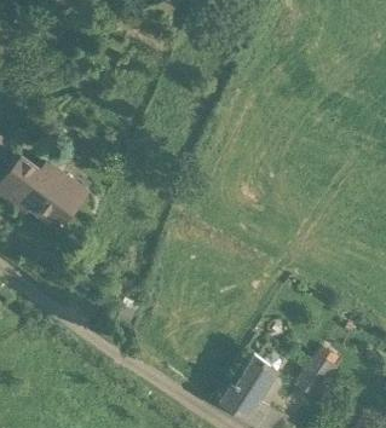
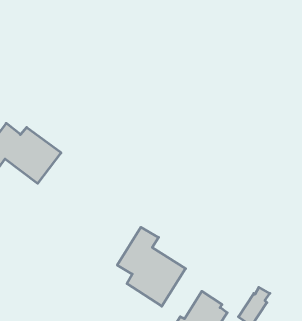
building: none -> [117,227,186,306]

